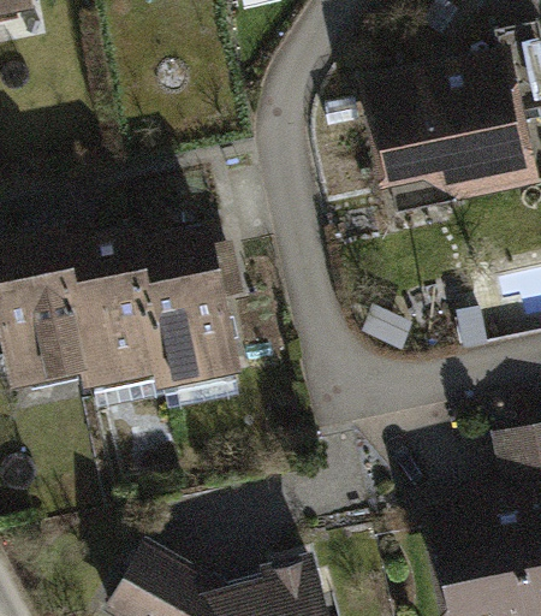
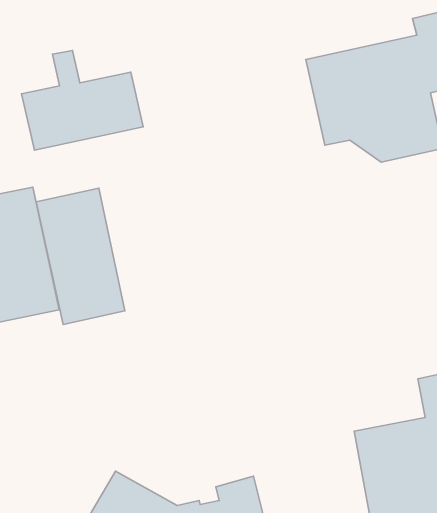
building: none -> [21,51,143,150]
building: [139,232,245,389] -> none

